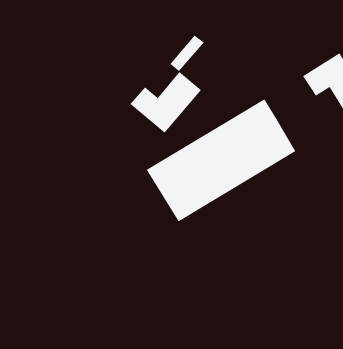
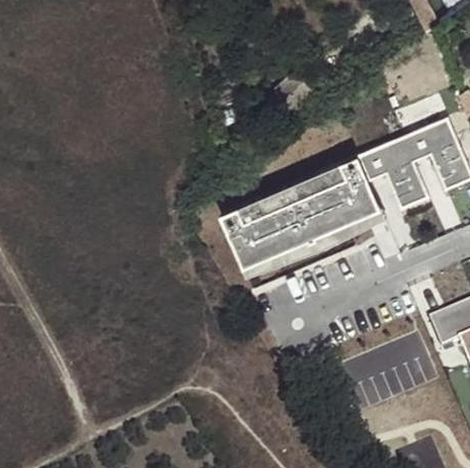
building: [130,71,202,134] -> none
building: none -> [362,137,432,210]

